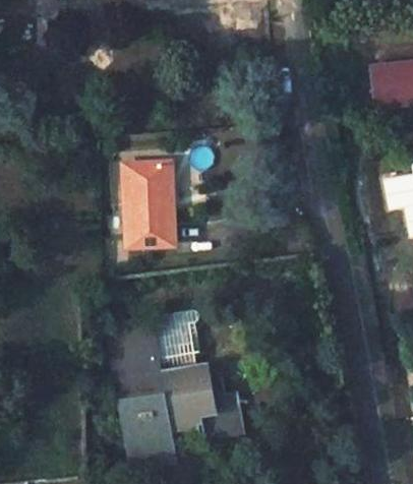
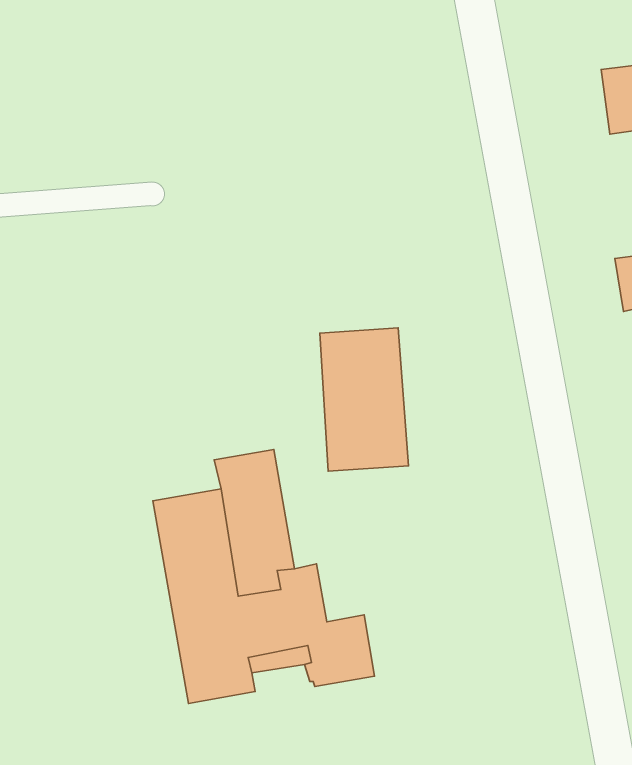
building: [125,162,178,247] -> [320,328,408,471]
building: [130,438,173,466] -> none

